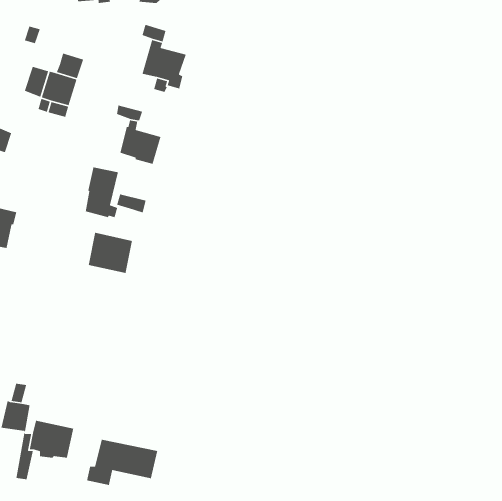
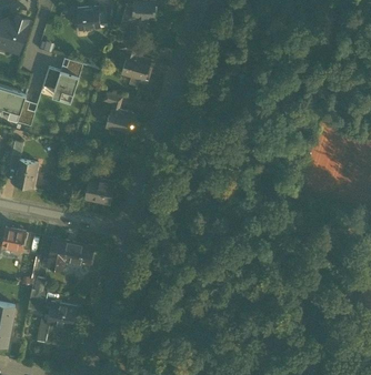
building: [85,166,119,218] -> none
building: [86,439,158,486] -> [46,239,93,270]

